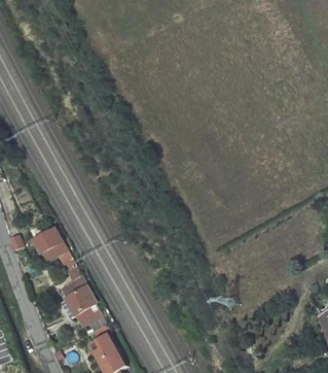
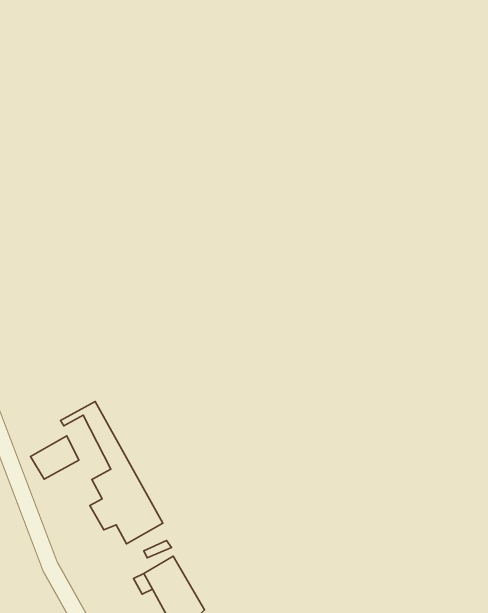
building: [34,228,63,253] -> [30,436,79,479]

